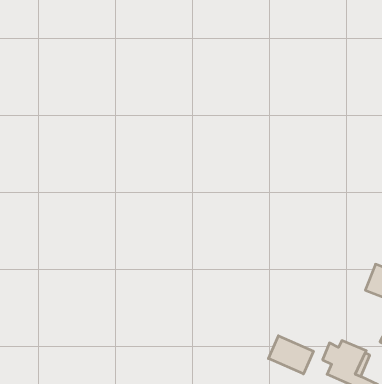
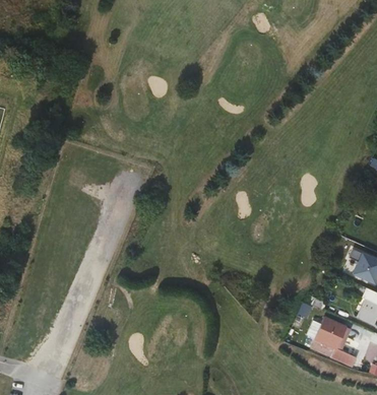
building: [268,336,313,374] -> none

